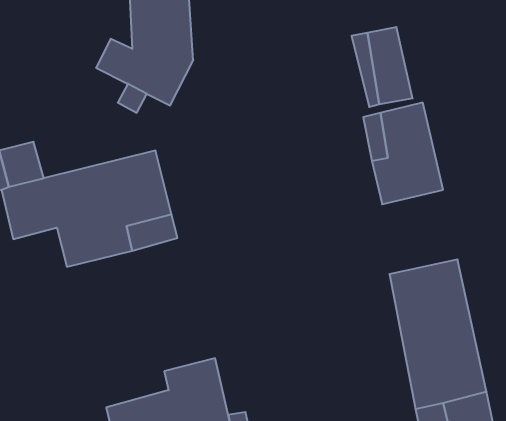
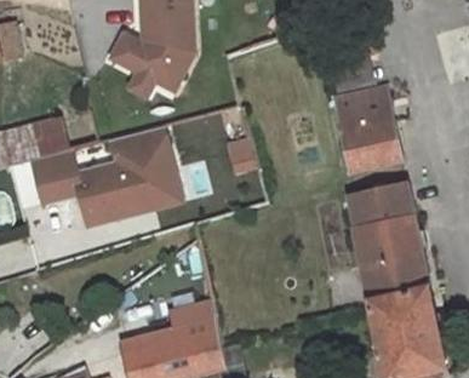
building: none -> [349,185,412,230]

